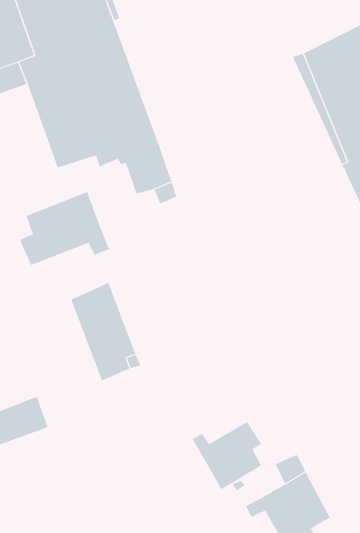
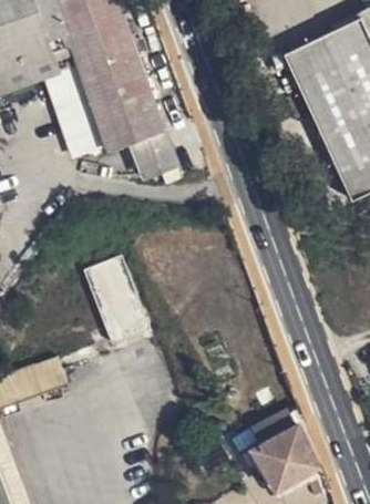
building: [19,191,110,266] -> none
building: [192,421,262,490] -> none

